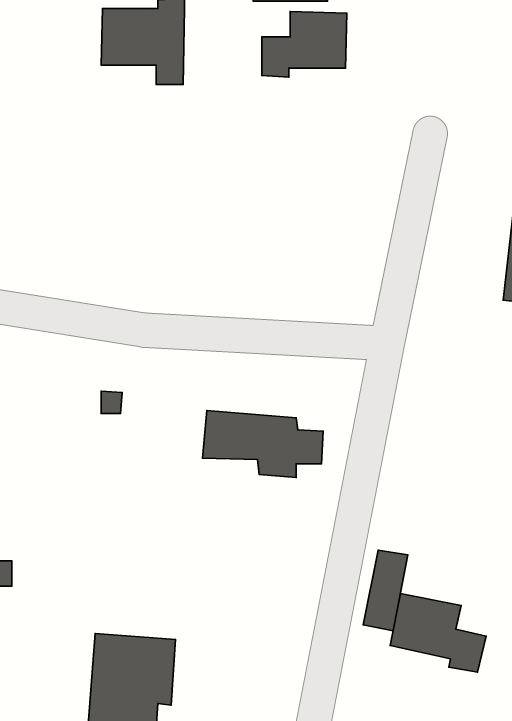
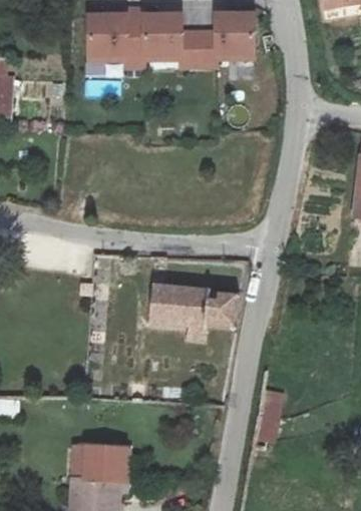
building: none -> [138,15,192,66]
building: [390,593,486,672] -> none

